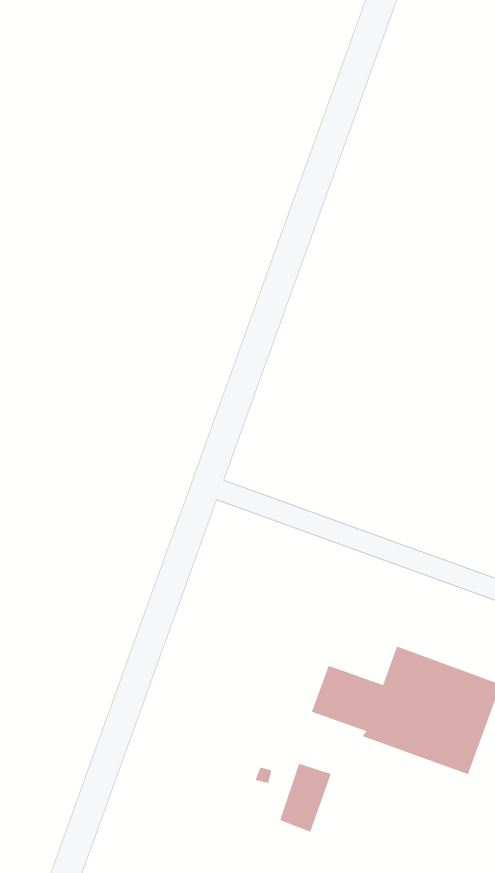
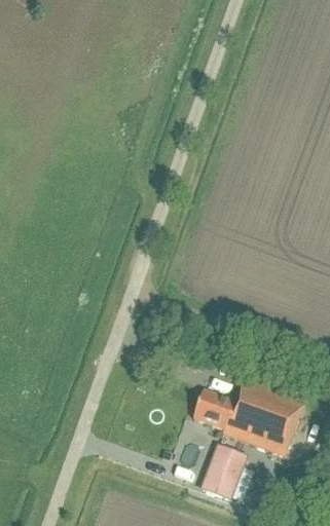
building: none -> [198,442,247,498]

